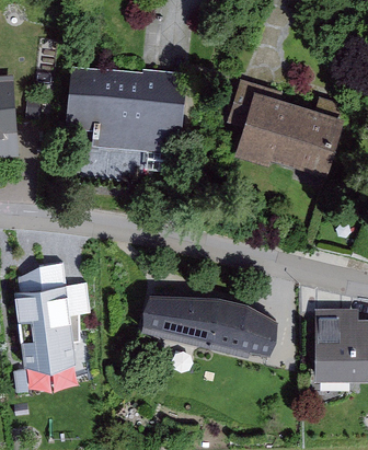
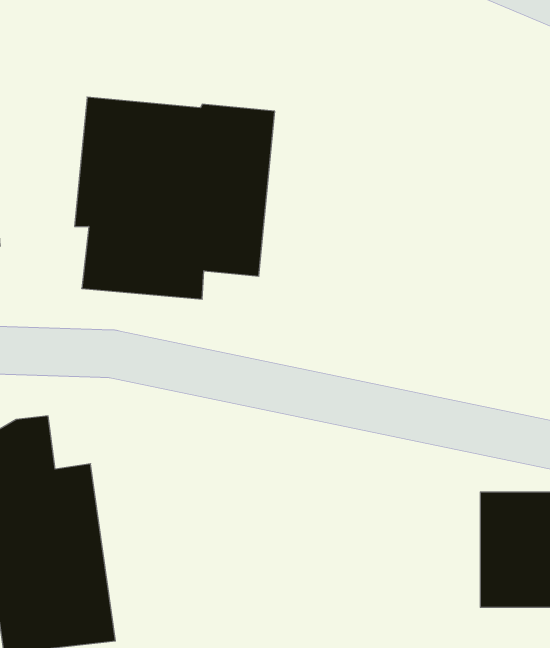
building: [227,81,344,177] -> none
building: [140,295,277,356] -> none

